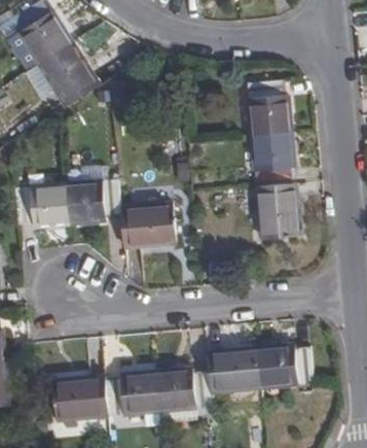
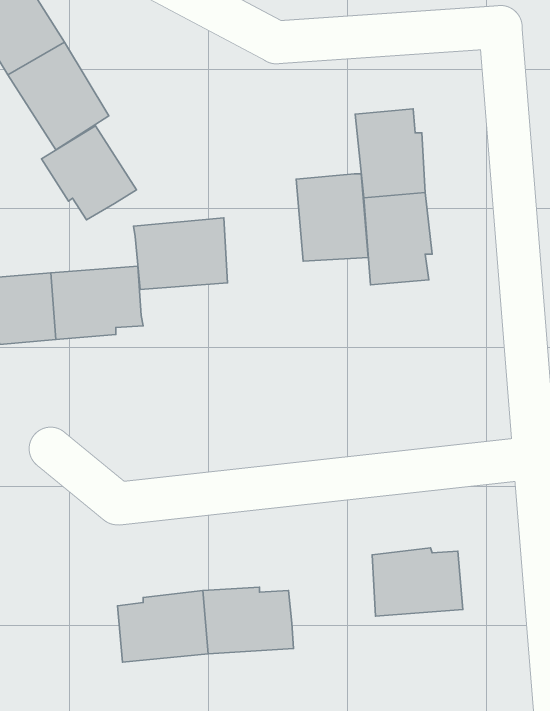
building: none -> [41,126,136,220]
building: [257,185,300,238] -> [296,174,368,261]
building: [119,202,176,245] -> [133,218,227,290]
building: [206,351,260,392] -> none
building: [51,378,108,421] -> none

